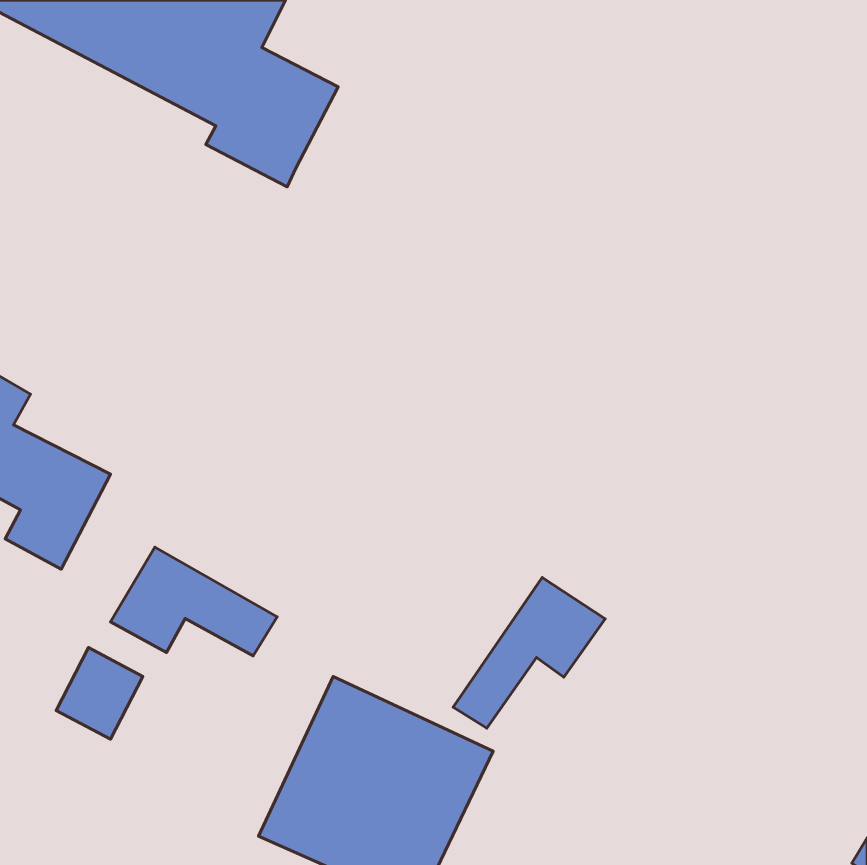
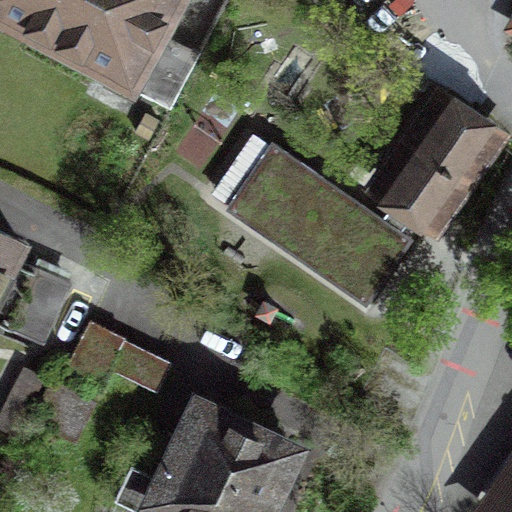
building: none -> [232,105,485,298]
building: [453,578,605,728] -> none

